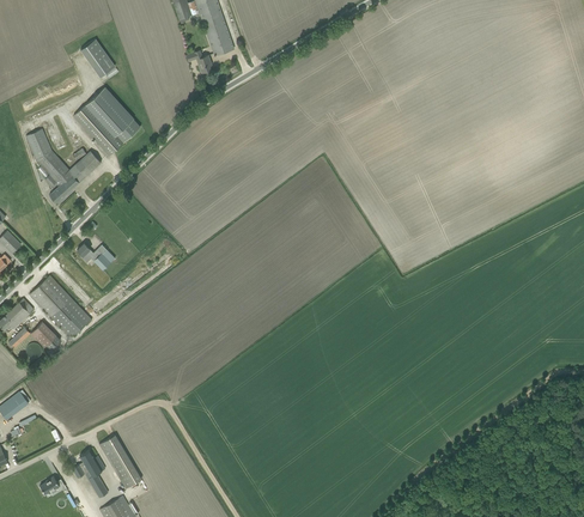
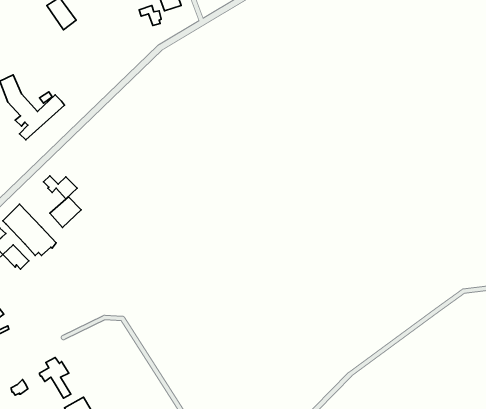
building: [73,86,140,156] -> none
building: none -> [50,197,81,227]
building: [99,434,144,488] -> none

